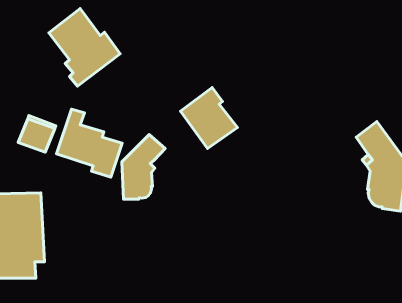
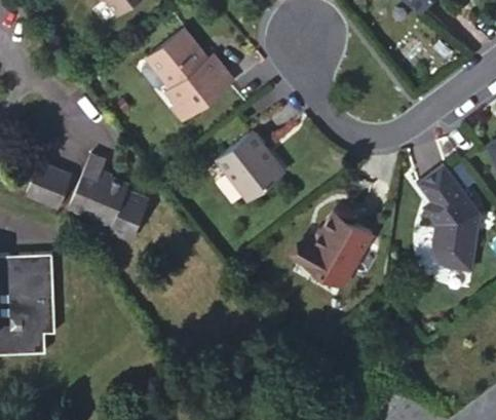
building: [49,9,120,86] -> [143,32,227,123]
building: [122,134,165,199] -> none
building: none -> [294,214,372,287]

